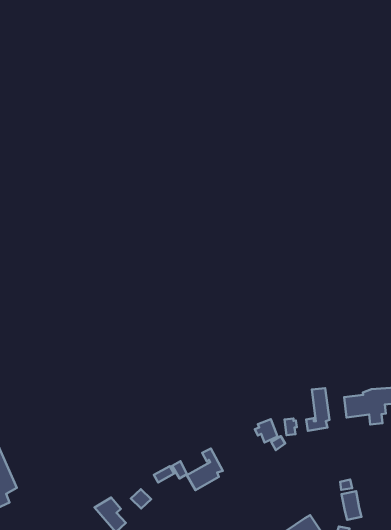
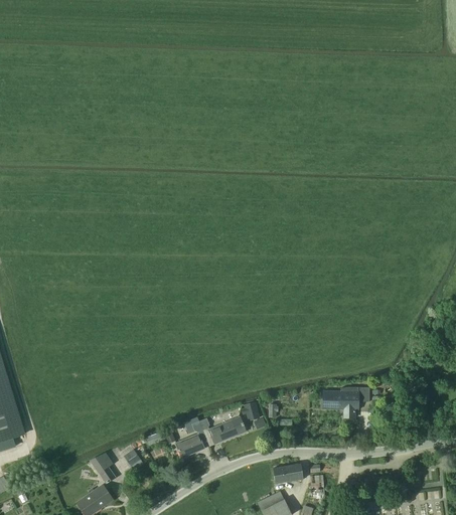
building: [306,388,329,431] -> none
building: none -> [199,416,245,446]
building: none -> [273,463,303,483]

